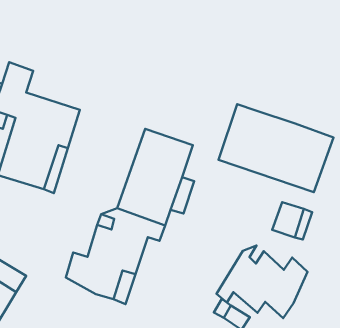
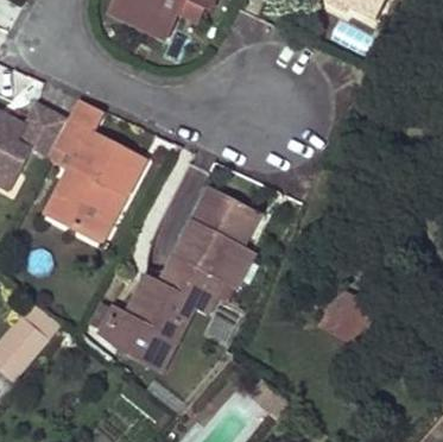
building: [218,104,333,192] -> none
building: [217,245,308,318] -> none

